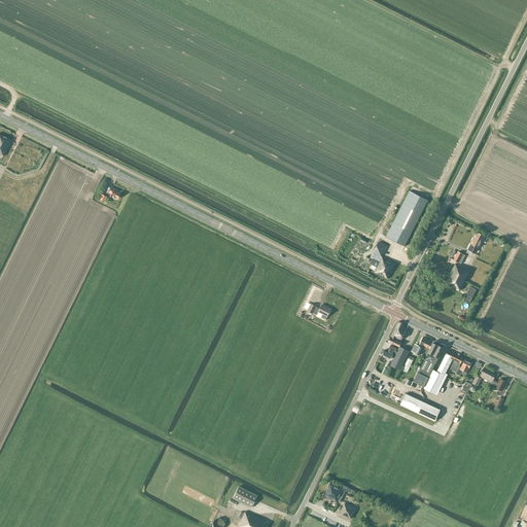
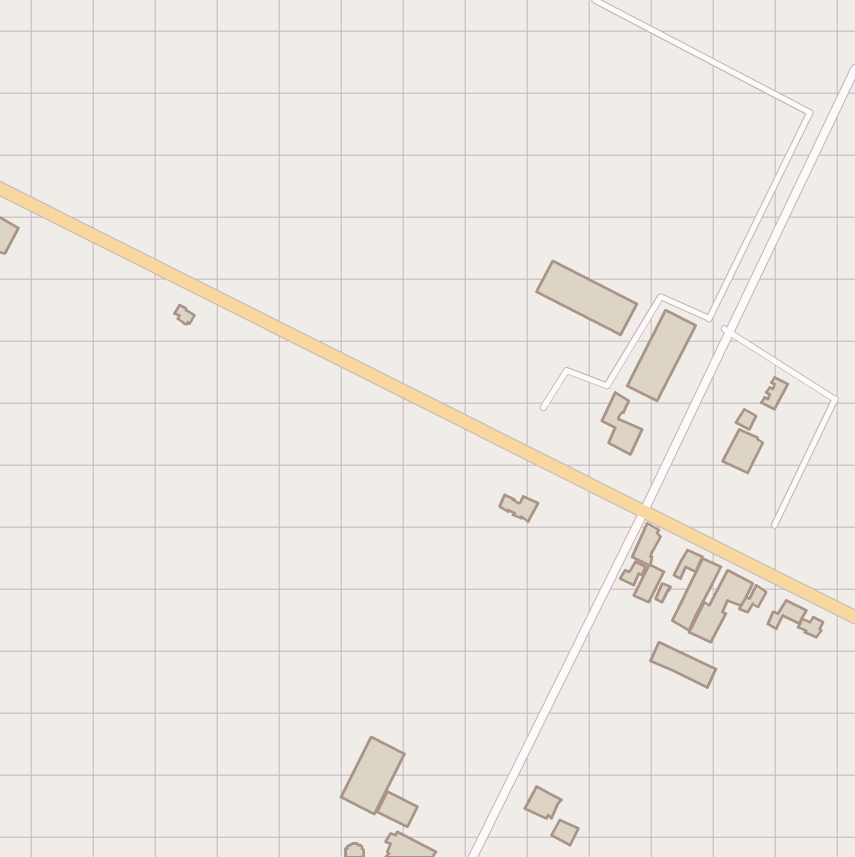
building: none -> [537,261,637,335]
building: none -> [341,737,404,814]

